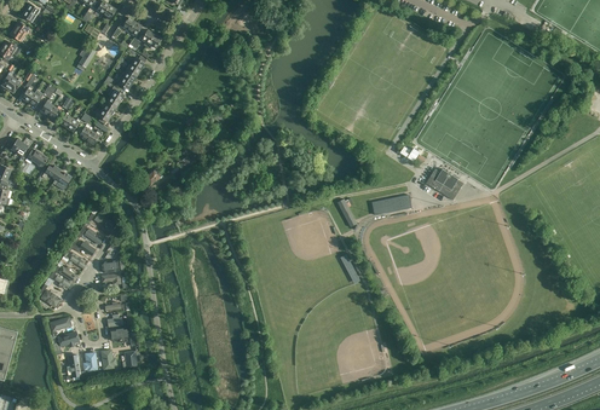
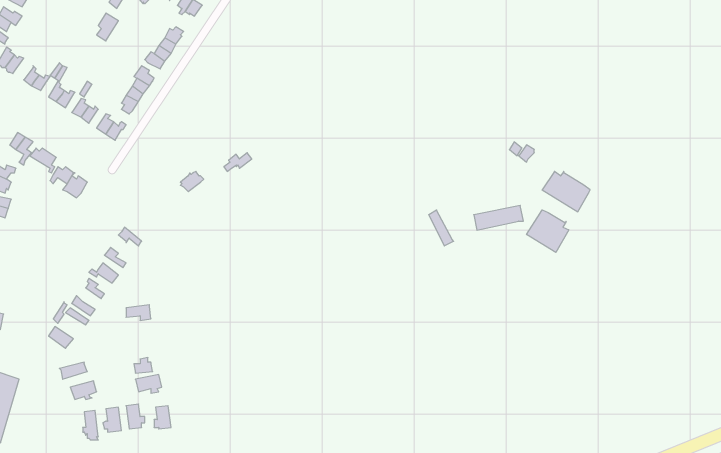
building: none -> [527,210,569,252]

